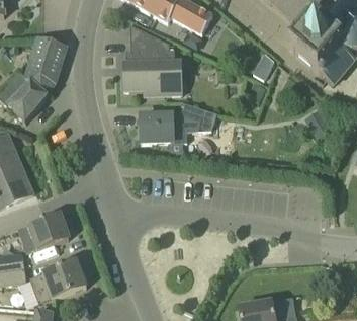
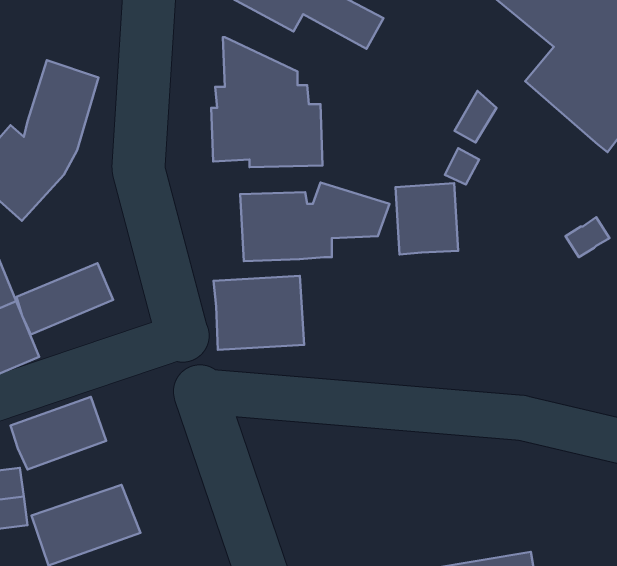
building: none -> [396,183,458,255]
building: none -> [16,263,113,335]
building: none -> [213,276,304,350]

